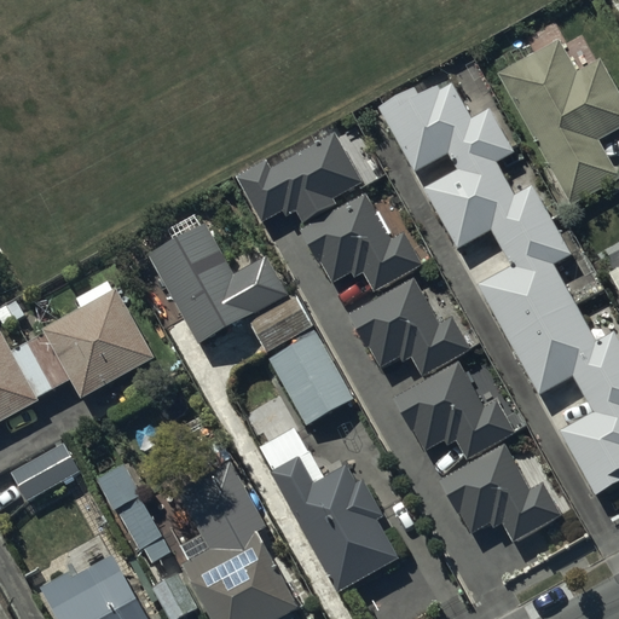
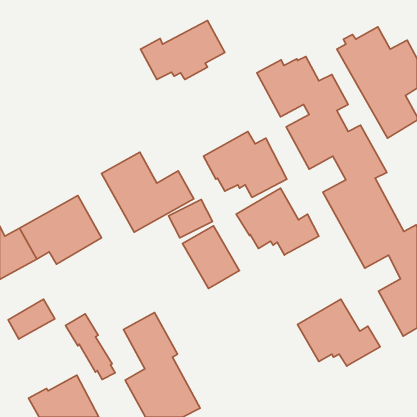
building: [238,135,363,222] -> [141,20,225,79]
building: [394,361,517,459] -> none
building: [277,459,397,588] -> none

